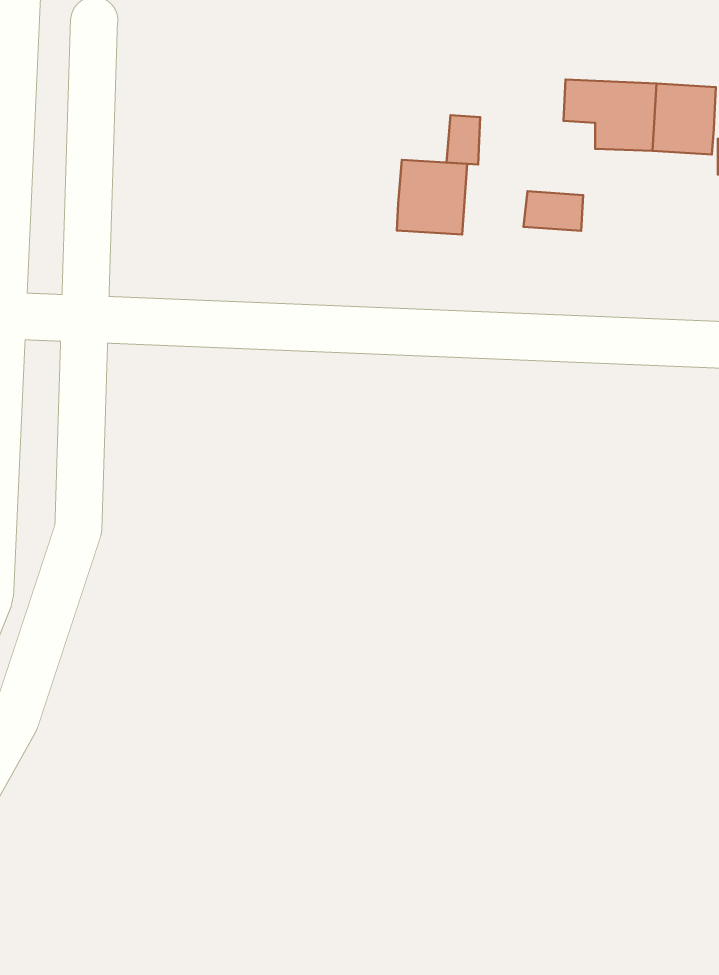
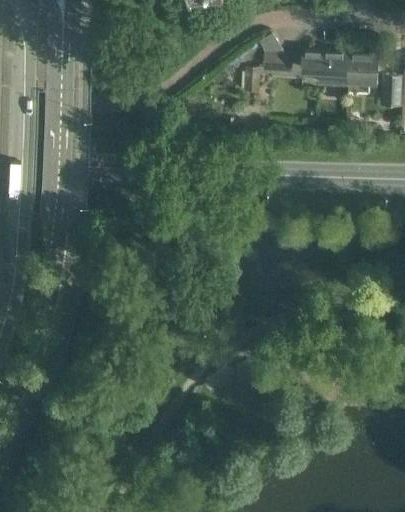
building: [397,160,467,235] -> none
building: [524,191,583,231] -> [261,55,291,75]

